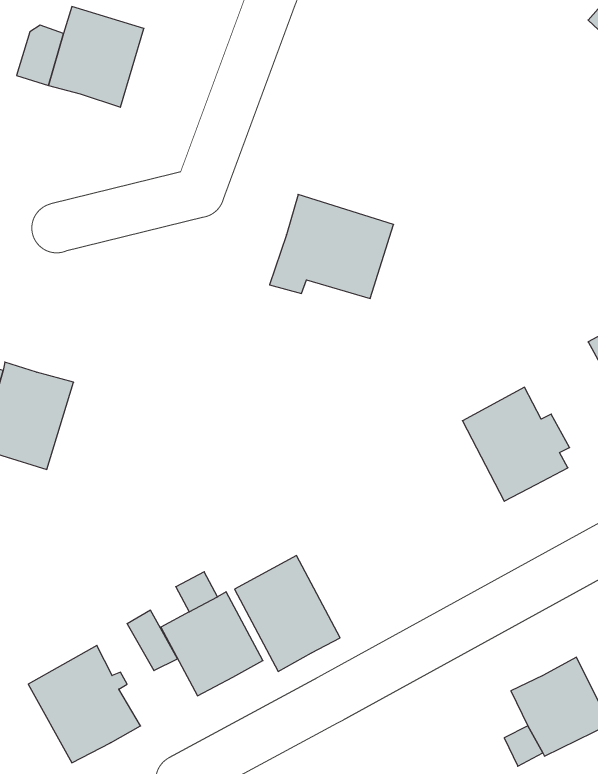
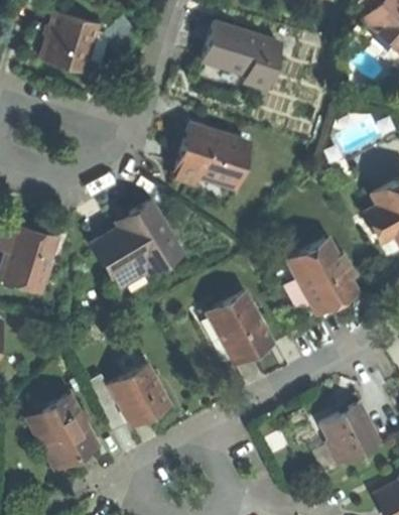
building: none -> [204,23,280,89]
building: none -> [93,203,181,289]
building: [235,556,340,671] -> [208,293,271,363]

